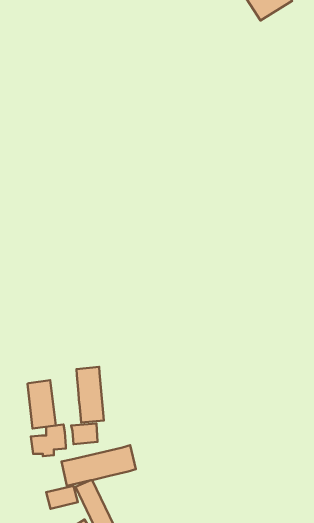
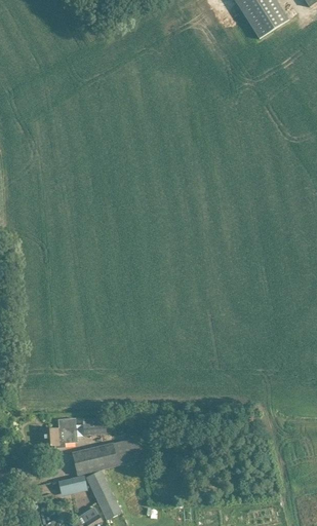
building: [77,367,104,423] -> none
building: [28,380,56,428] -> none

